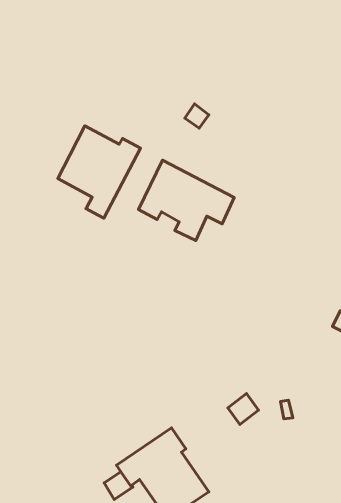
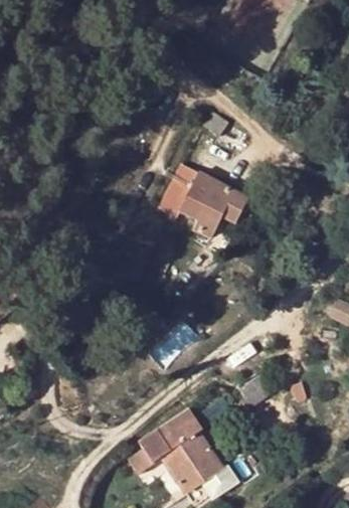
building: [58,126,141,218] -> none

